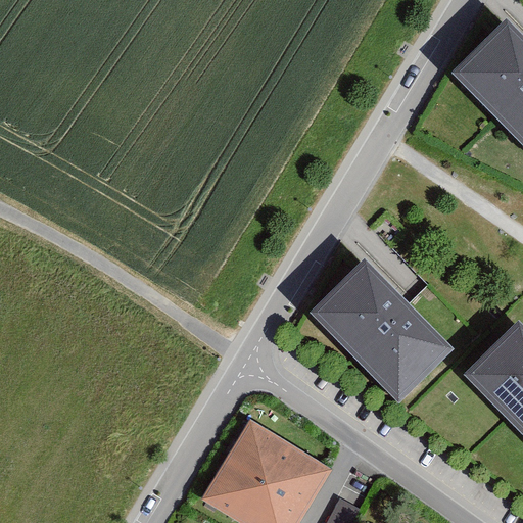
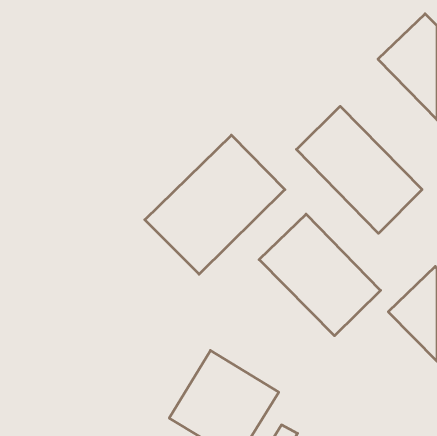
building: none -> [296,106,422,233]
building: none -> [145,135,285,274]

